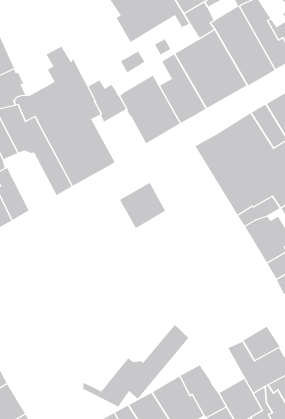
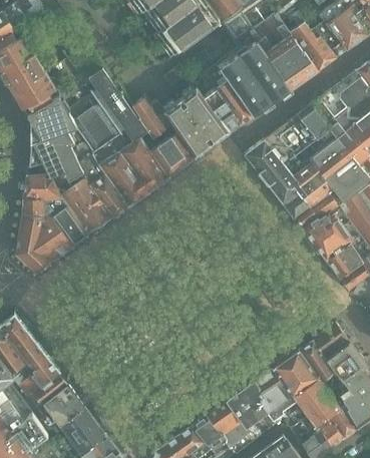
building: none -> [62,177,113,235]
building: [119,183,166,229] -> [149,131,197,178]
building: [83,324,189,407] -> none
building: none -> [273,350,318,395]

